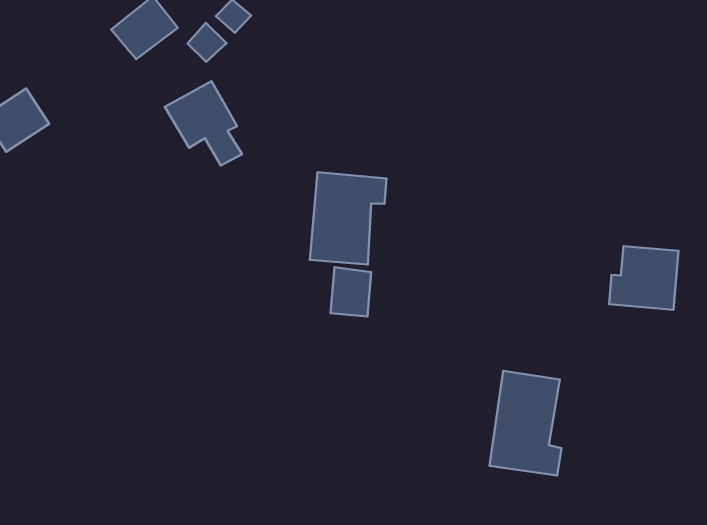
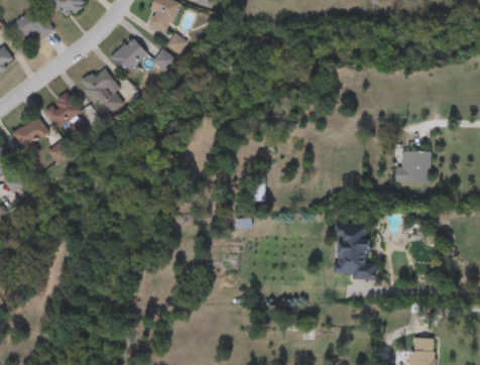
building: [165,81,242,165] -> [80,66,124,111]
building: [310,172,386,264] -> none

